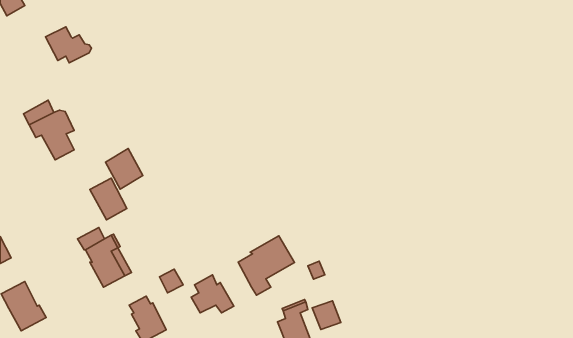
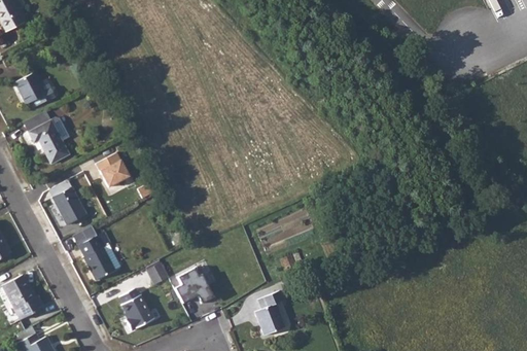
building: [45,27,92,63] -> [14,72,57,105]
building: [90,178,127,220] -> [52,186,86,224]
building: [238,236,294,295] -> none
building: [312,301,341,329] -> none

